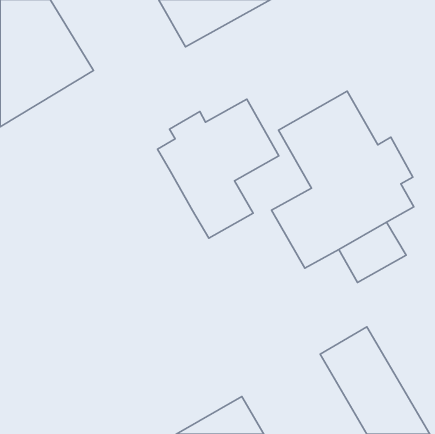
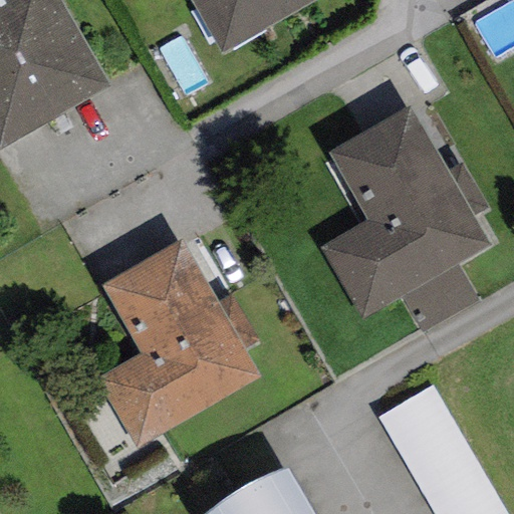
building: [158,99,279,238] -> none
building: none -> [95,239,260,448]

